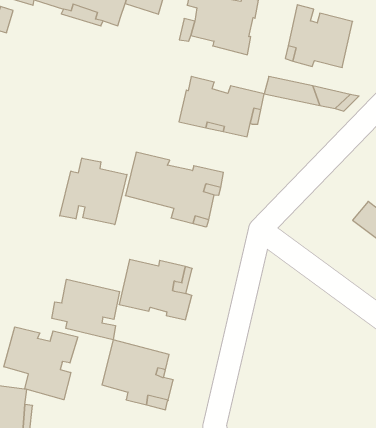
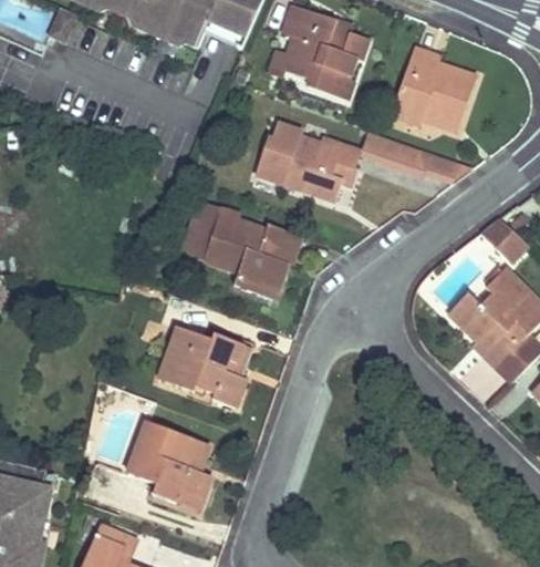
building: [60,158,127,225] -> none
building: [52,279,120,340] -> none
building: [4,327,78,400] -> none

